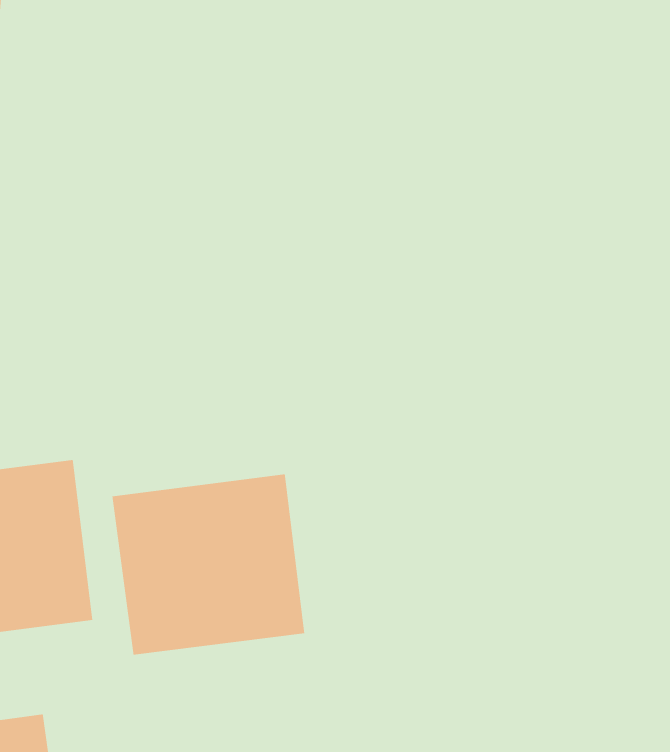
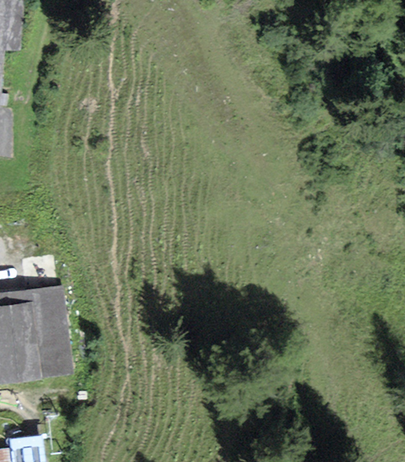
building: [112,474,305,656] -> none

